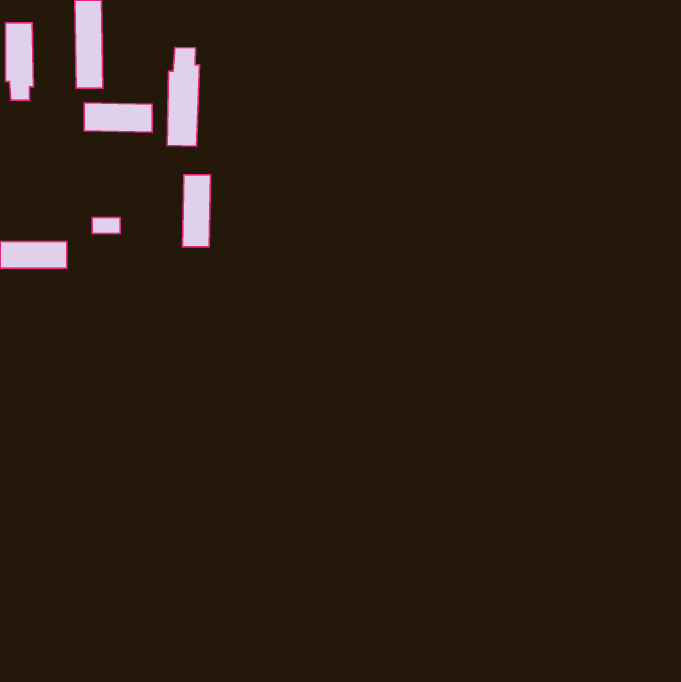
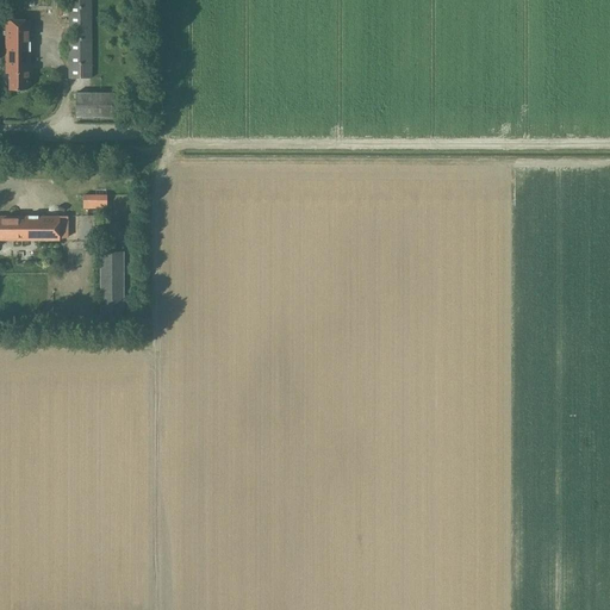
building: [167,48,200,146] -> none
building: [182,175,210,247] -> [100,251,125,316]

